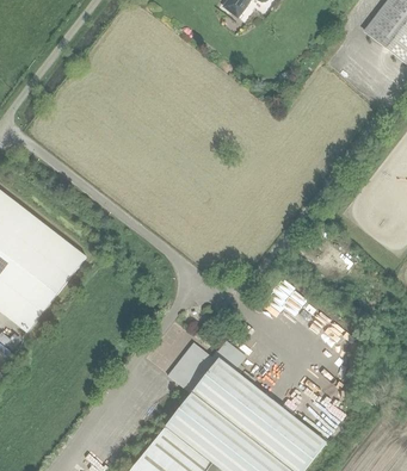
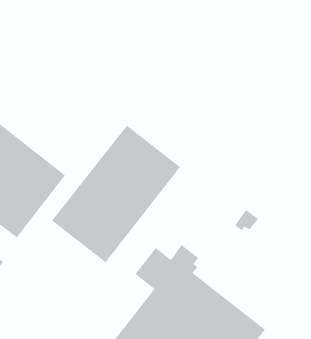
building: none -> [51,125,181,263]

